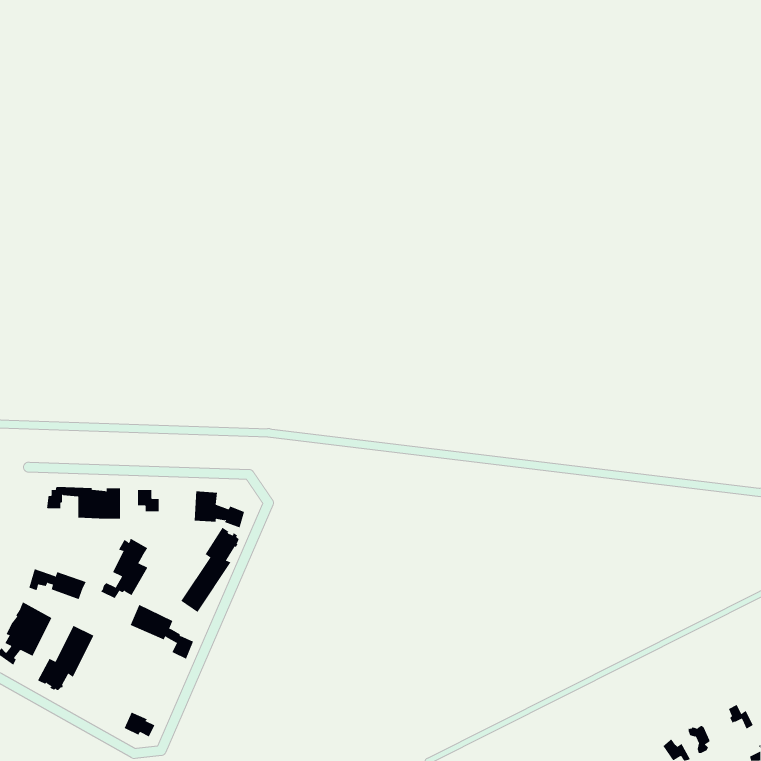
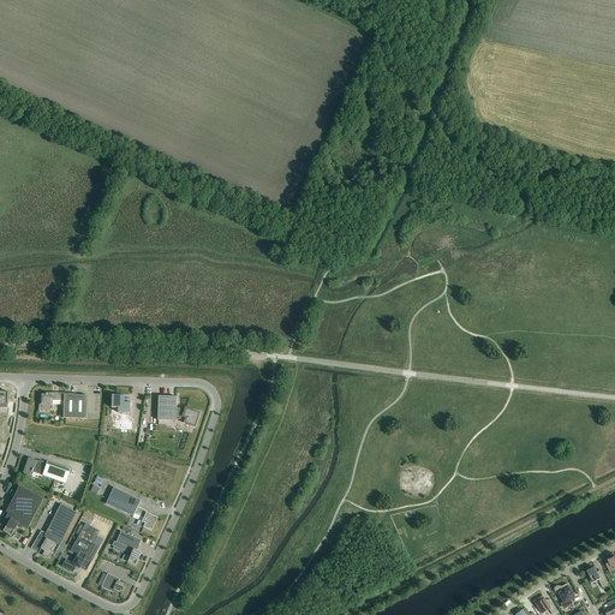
building: [181,527,239,613] -> none
building: [100,538,148,599] -> [60,523,98,572]
building: none -> [112,530,141,565]

